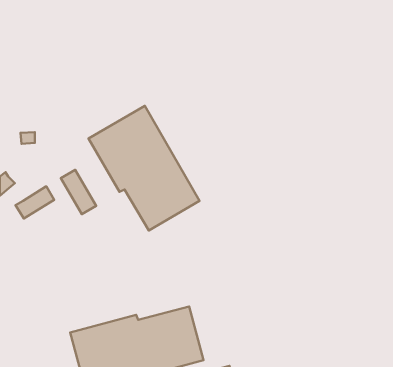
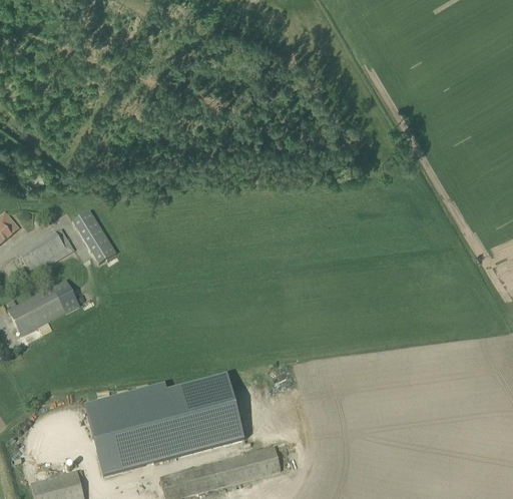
building: [88,106,199,230] -> none
building: none -> [7,278,80,334]

